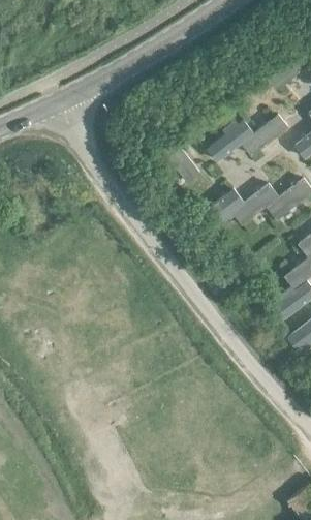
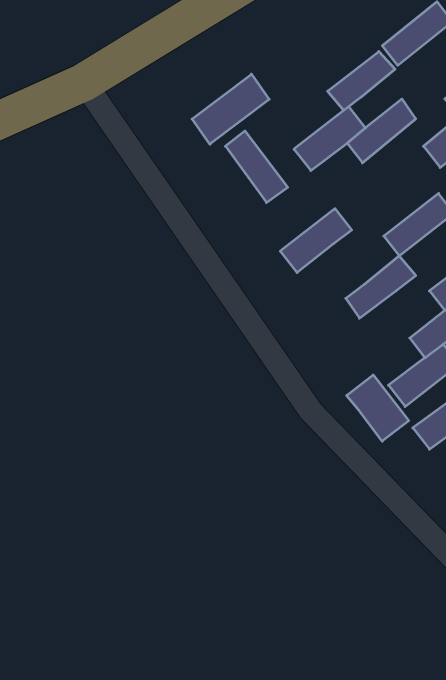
building: none -> [328,51,395,110]
building: none -> [192,74,269,144]
building: [231,183,279,225] -> [346,256,416,318]
building: none -> [347,375,409,441]

